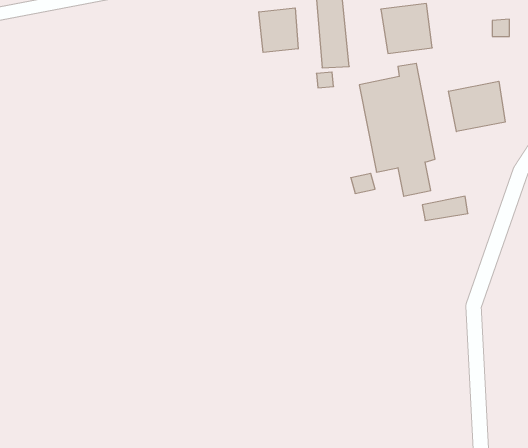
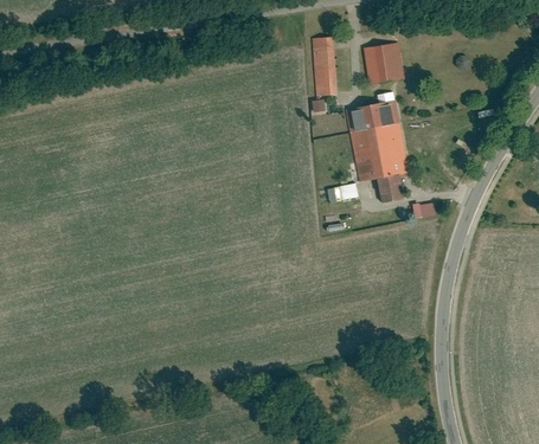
building: [259,8,298,52] -> none
building: [449,81,505,132] -> none

